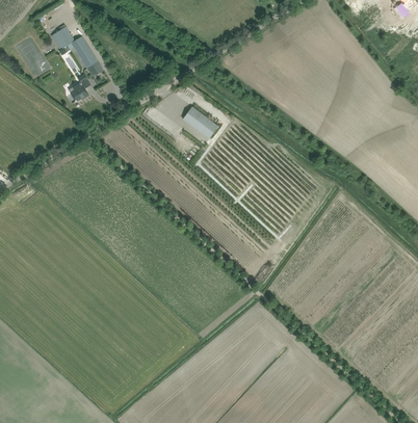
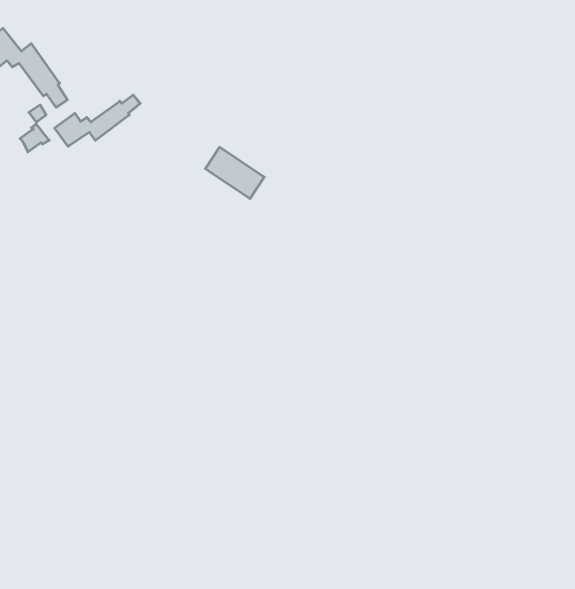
building: none -> [55,95,140,146]

